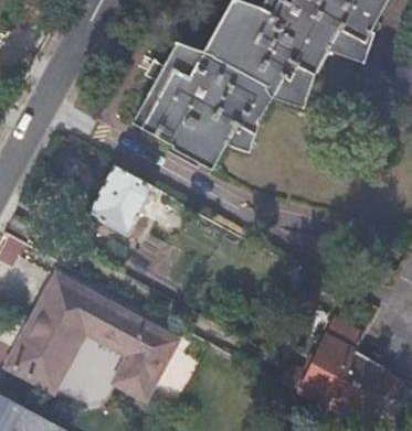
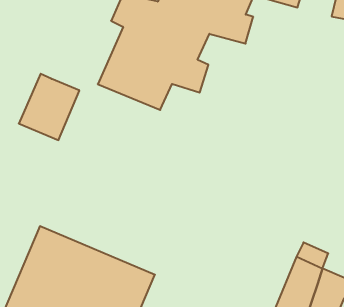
building: [86,165,155,238] -> [19,74,79,140]

